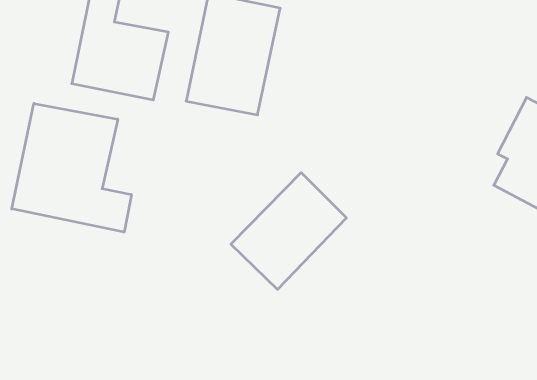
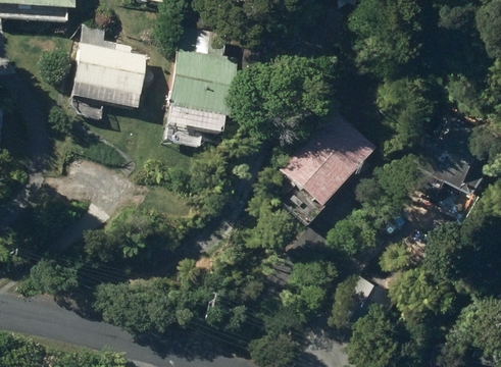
building: [12,103,131,232] -> none
building: [231,173,346,289] -> [277,118,370,213]

